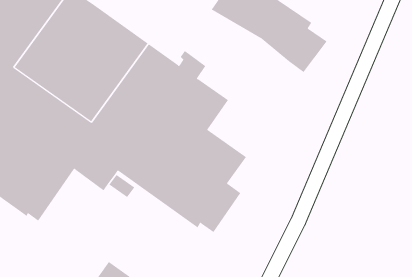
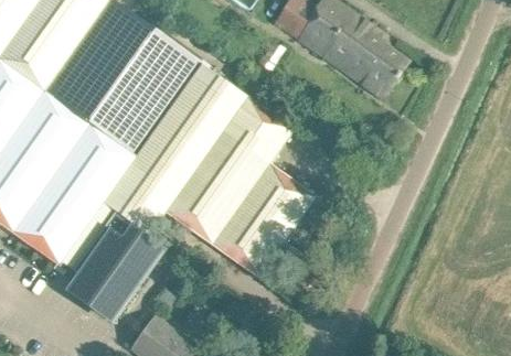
building: none -> [72,209,162,314]

